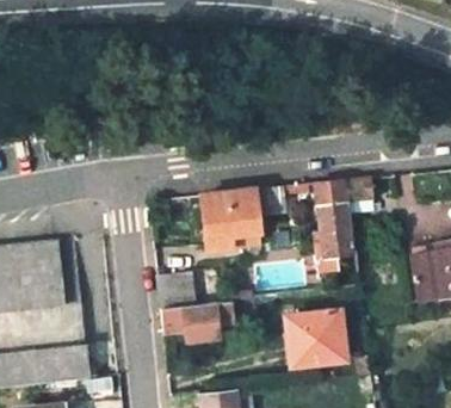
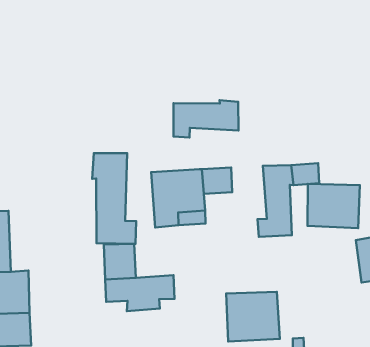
building: none -> [173,100,238,137]
building: none -> [92,153,136,244]
building: none -> [308,184,360,228]

